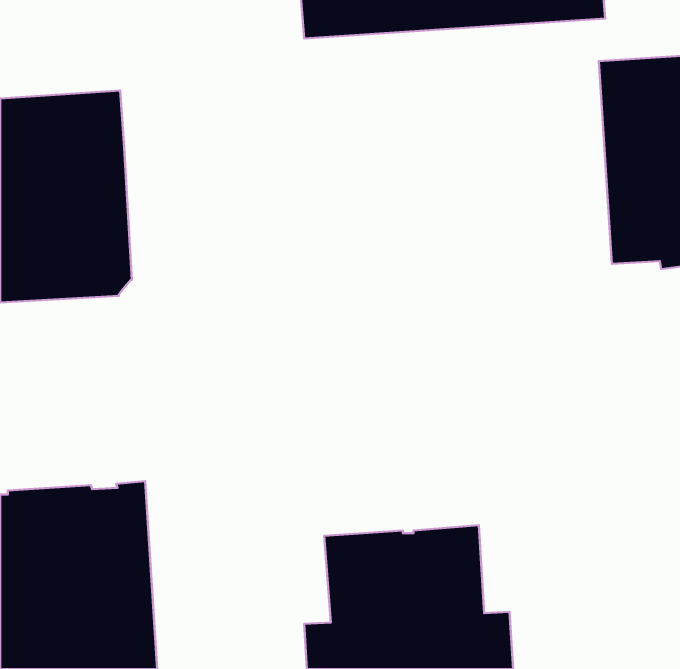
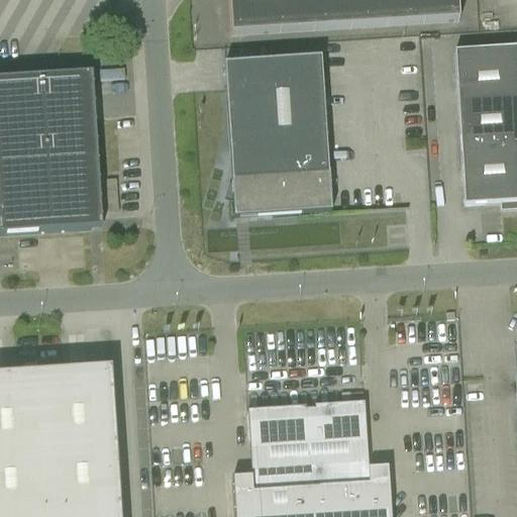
building: none -> [224,54,331,214]

